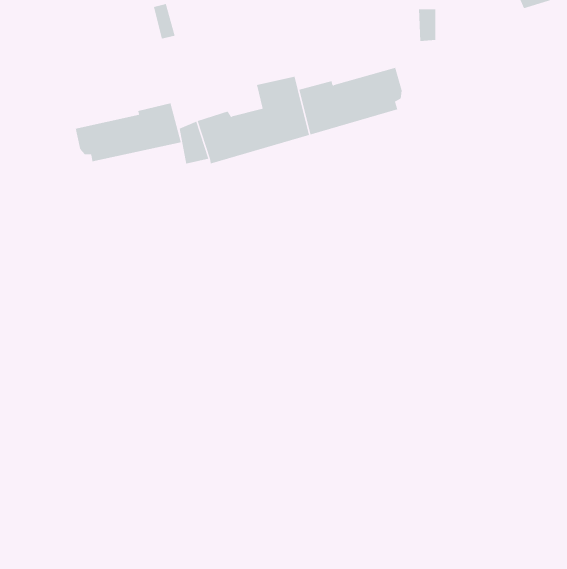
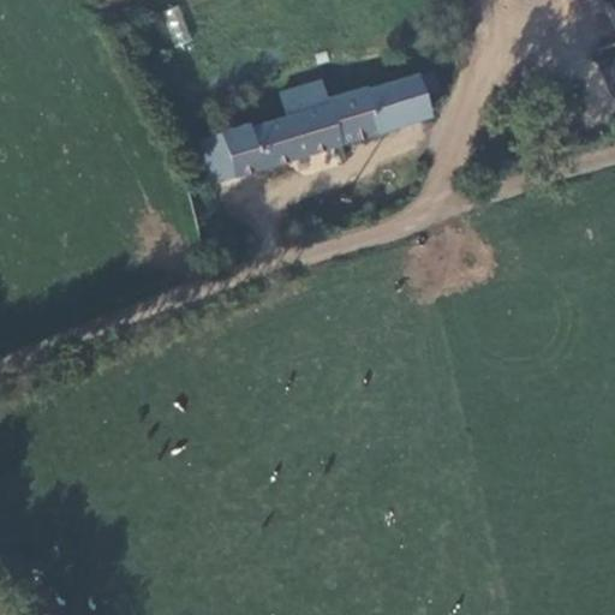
building: [75,102,182,162] -> none

